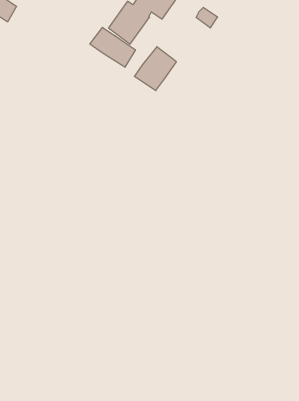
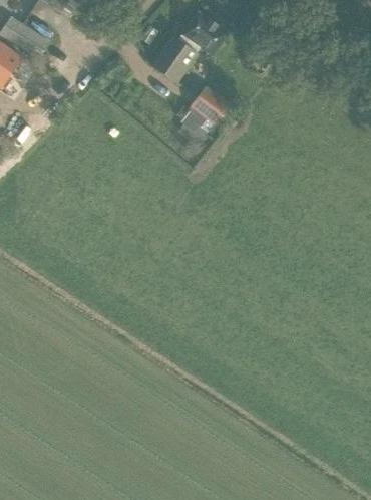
building: [90,27,135,67] -> none

